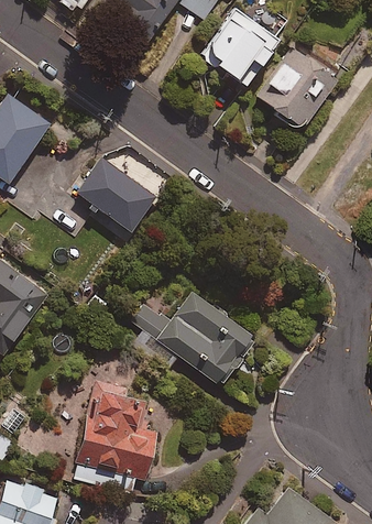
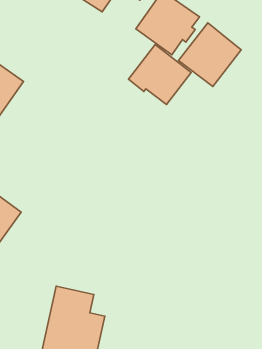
building: none -> [128,45,191,104]
building: [75,156,156,232] -> none
building: [128,291,258,384] -> none

